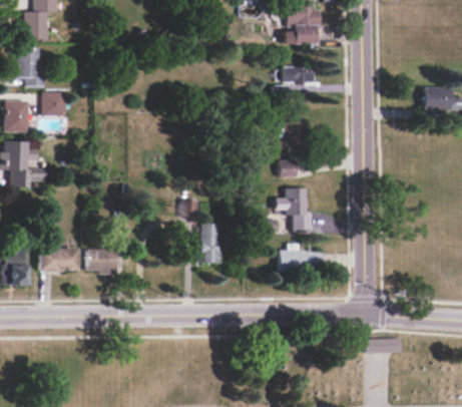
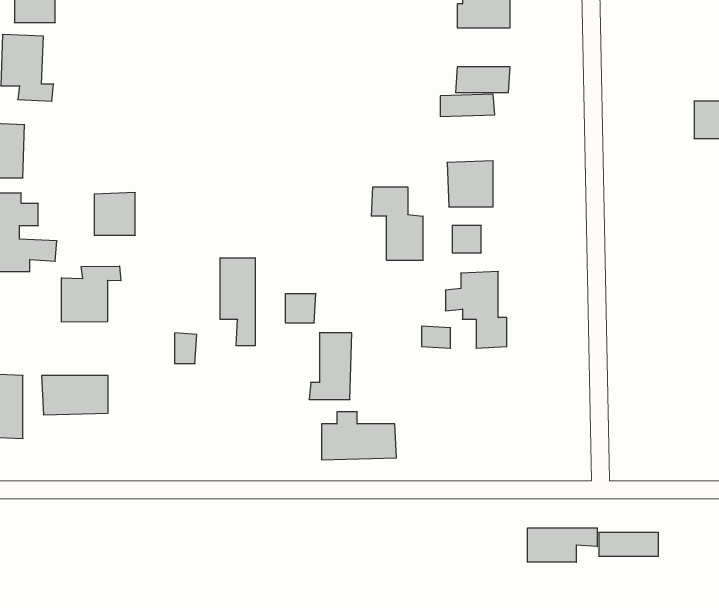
building: [42,91,66,116] -> [94,193,135,235]
building: none -> [371,187,423,260]
building: none -> [220,258,255,346]
building: none -> [62,266,121,322]
building: [280,244,324,272] -> [322,412,396,460]
building: [88,249,118,274] -> none
building: none -> [528,528,597,562]

